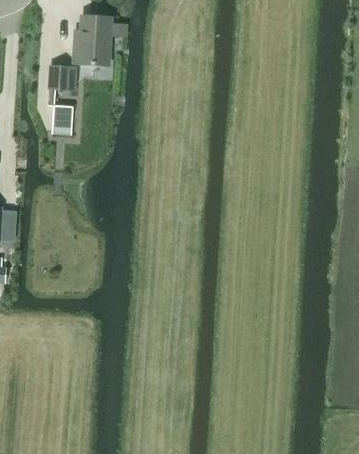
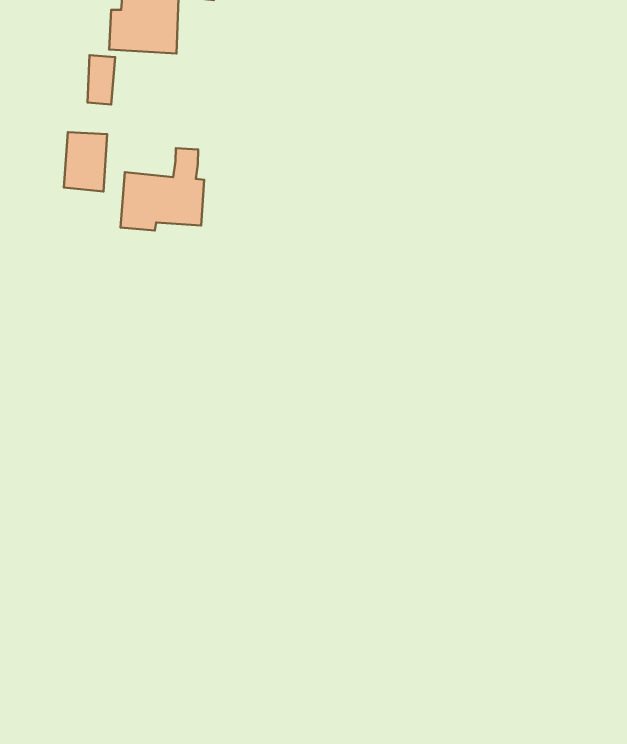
building: none -> [120,148,204,231]

